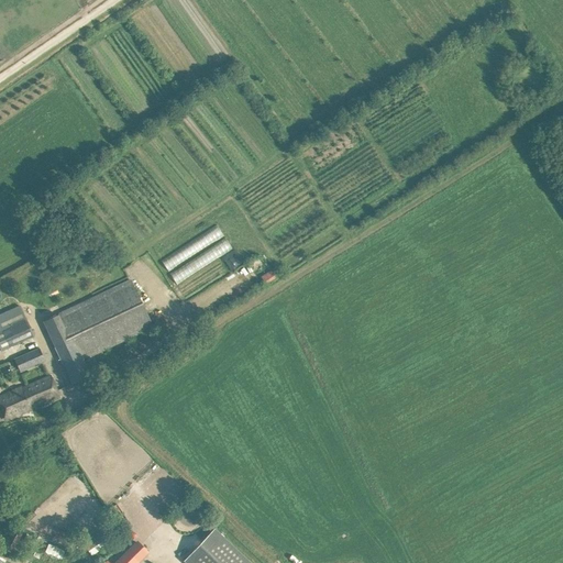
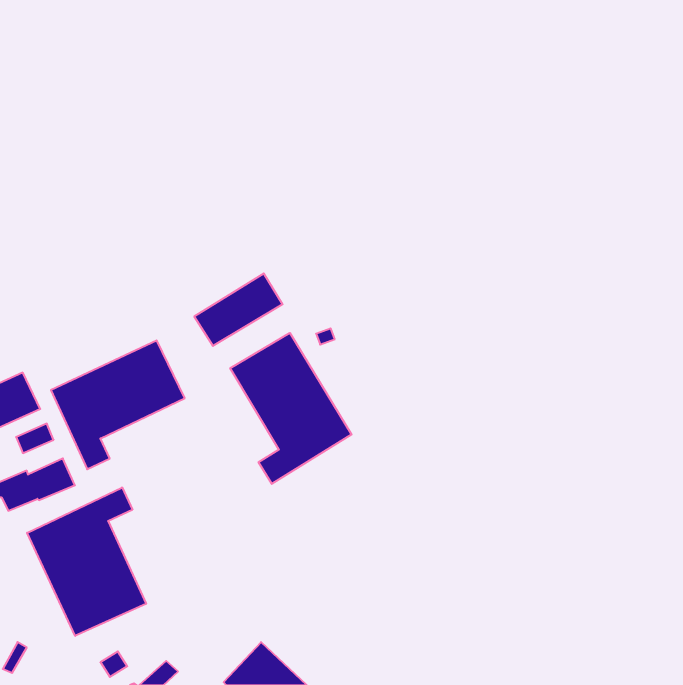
building: none -> [230,333,352,484]
building: none -> [27,487,146,636]

